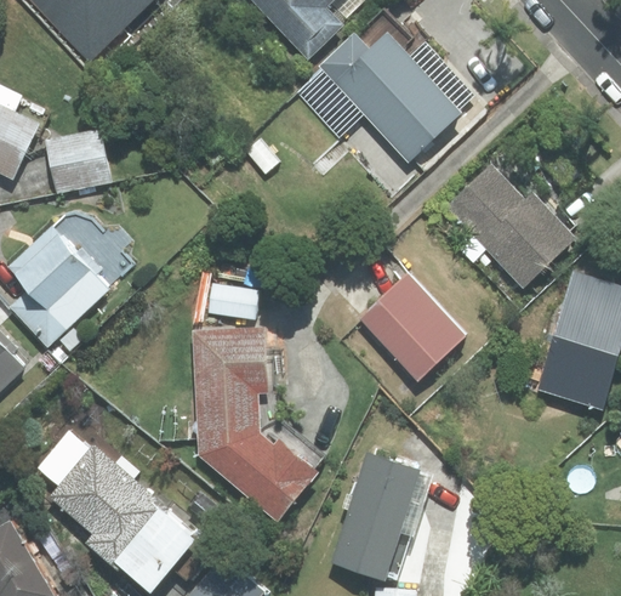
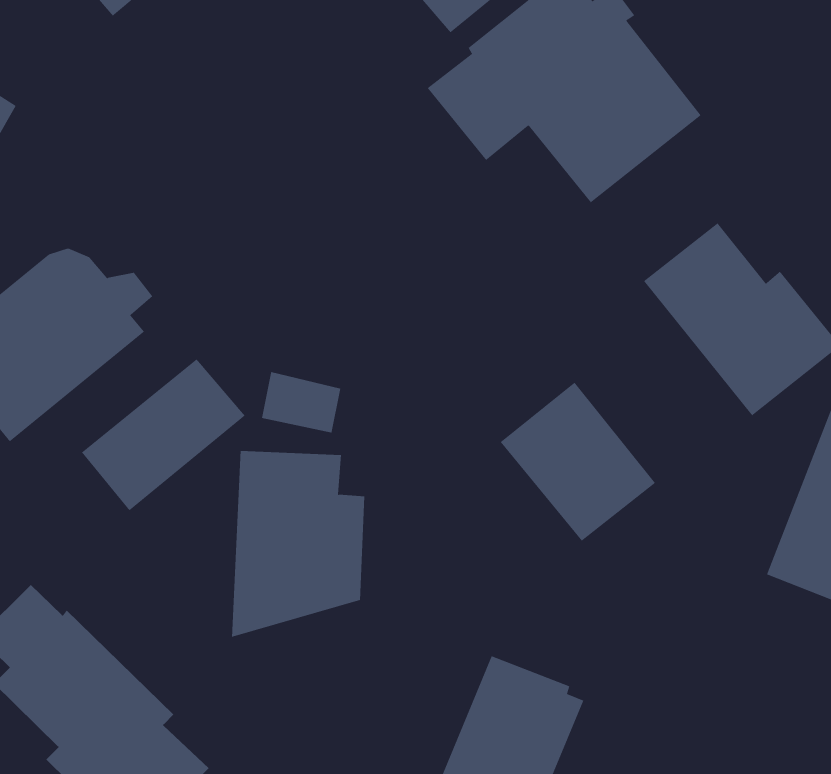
building: [46,130,109,192] -> none
building: none -> [81,359,246,511]
building: [199,425,320,518] -> none

